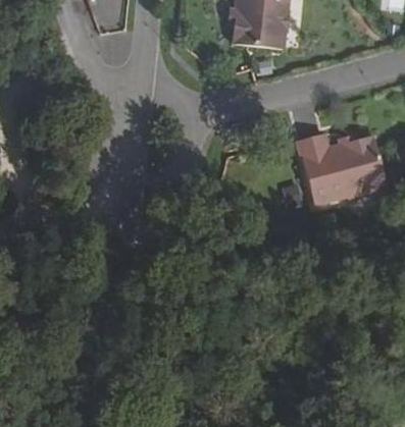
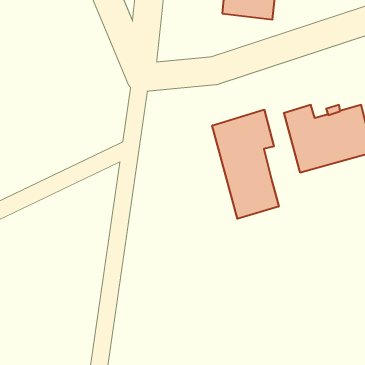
building: none -> [212,110,279,219]

